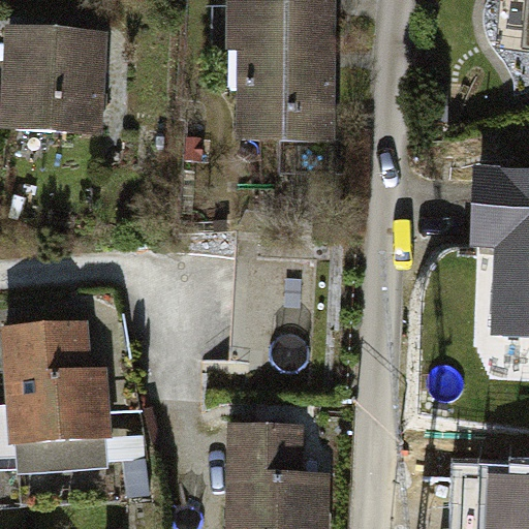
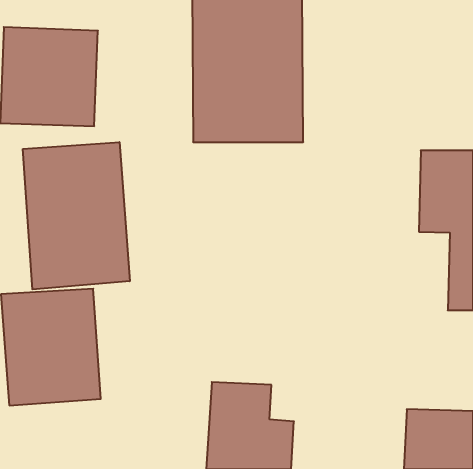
building: none -> [23,142,130,289]

